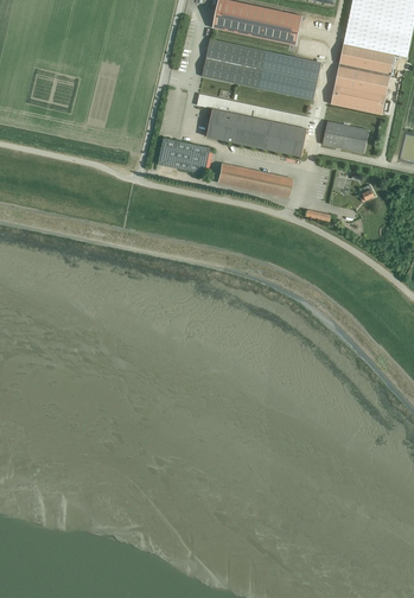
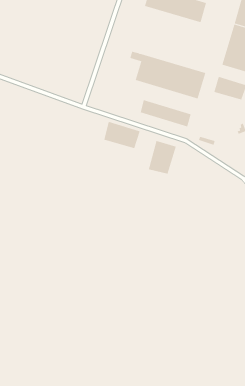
building: [203,39,320,100] -> none
building: [157,136,209,173] -> [104,121,140,149]
building: none -> [148,140,176,175]

